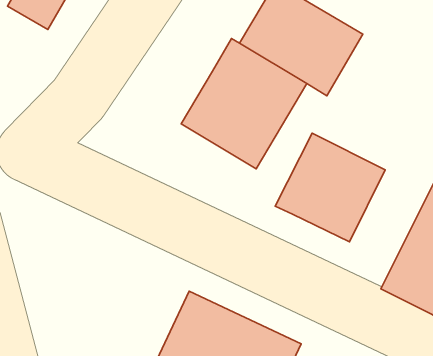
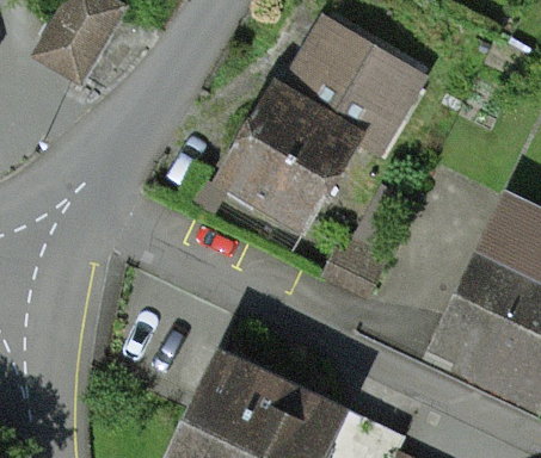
building: [275,133,385,242] -> none

